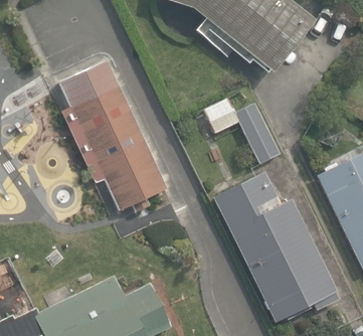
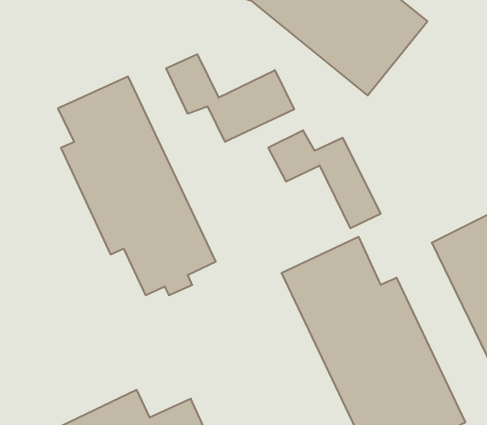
building: none -> [166,54,294,142]

